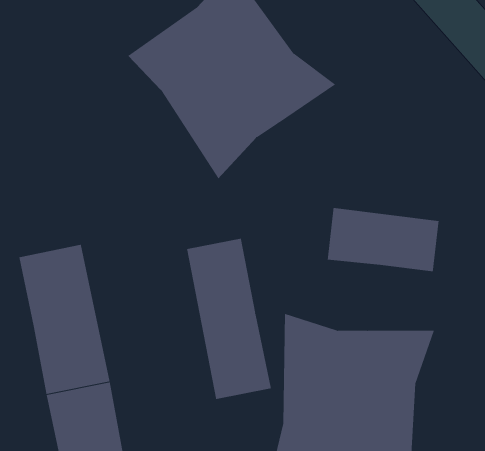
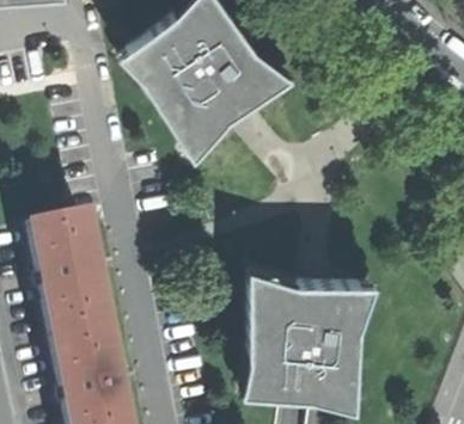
building: [327,207,439,272] -> none
building: [187,238,271,400] -> none

